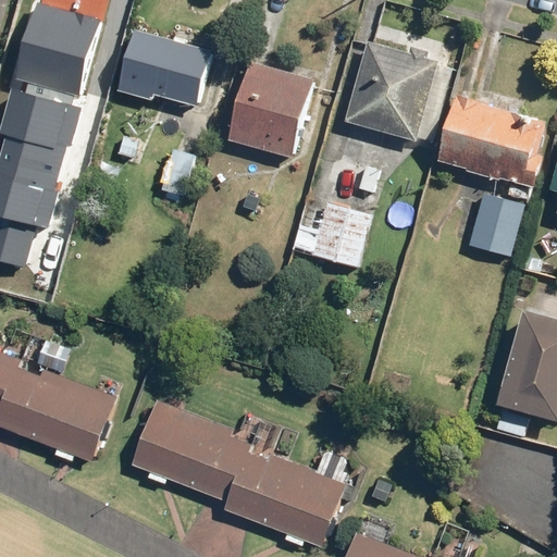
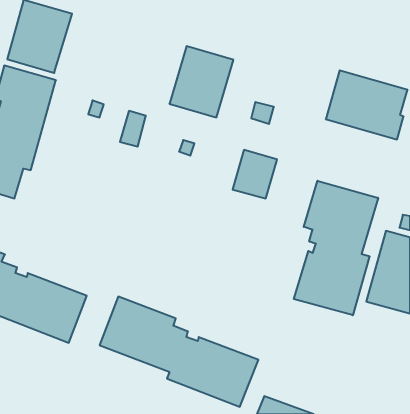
building: [117,29,213,107] -> none
building: [344,41,440,143] -> none
building: [468,193,525,257] -> none
building: none -> [294,181,378,315]

